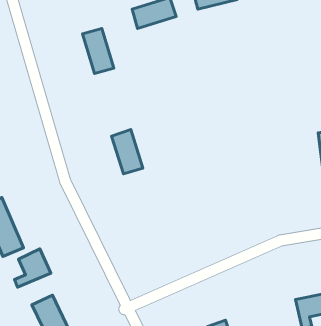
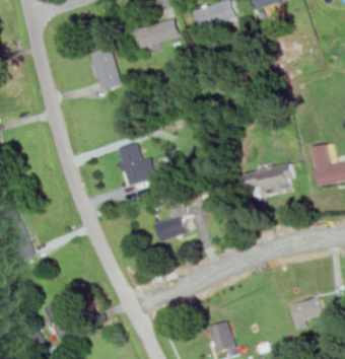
building: none -> [243,160,293,196]
building: none -> [154,205,188,241]
building: [14,249,51,287] -> none

